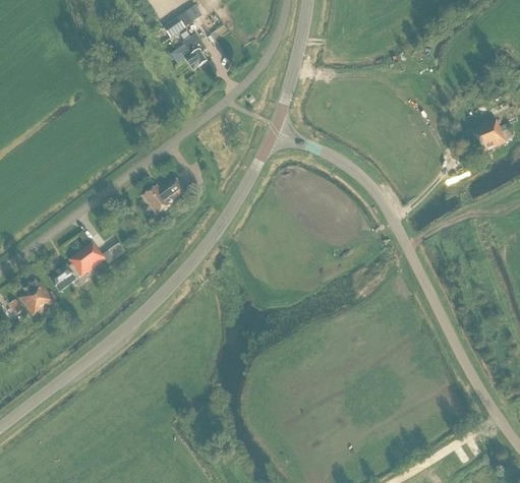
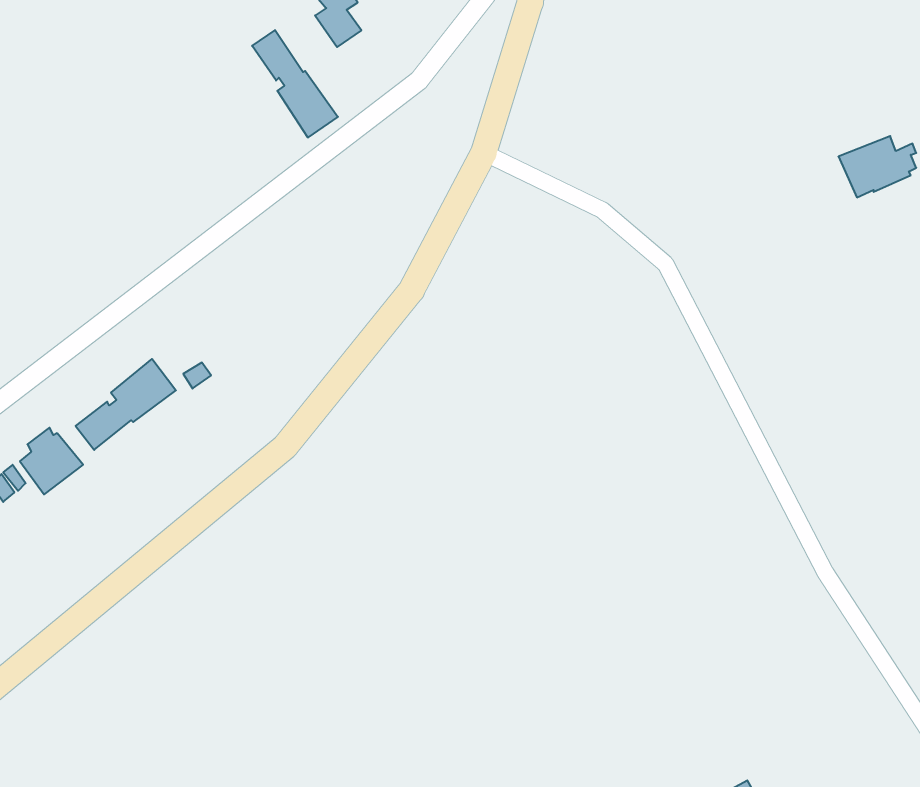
building: none -> [252,30,338,138]
building: [143,179,185,214] -> none

